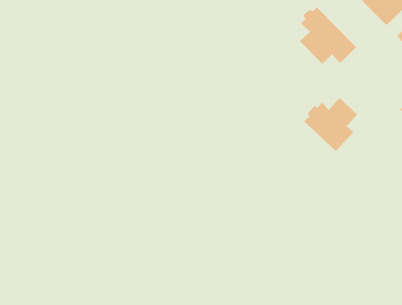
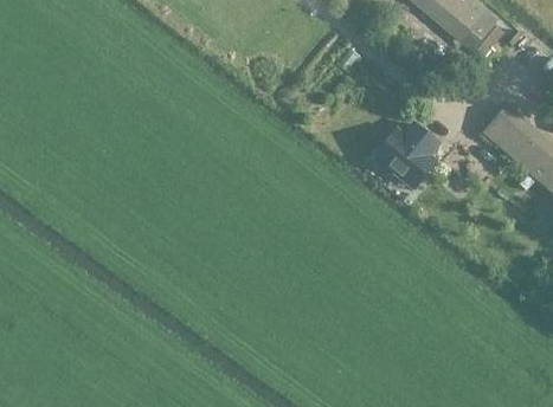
building: [299,6,357,65] -> none

